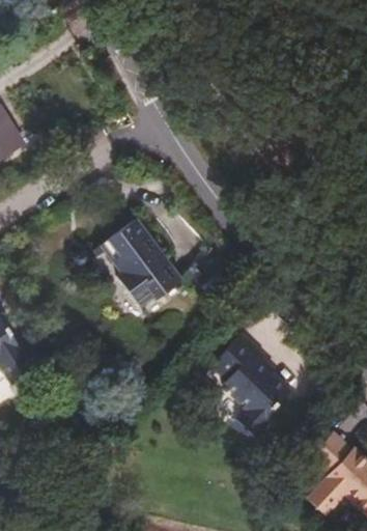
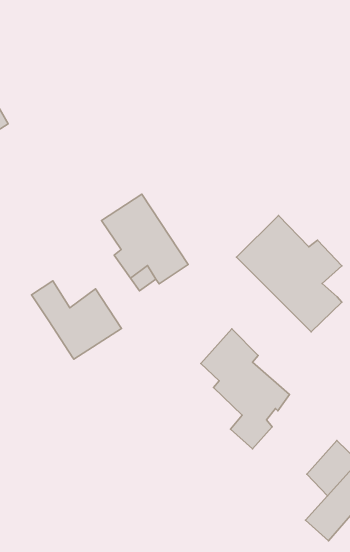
building: none -> [236,216,342,332]
building: none -> [32,281,122,359]

